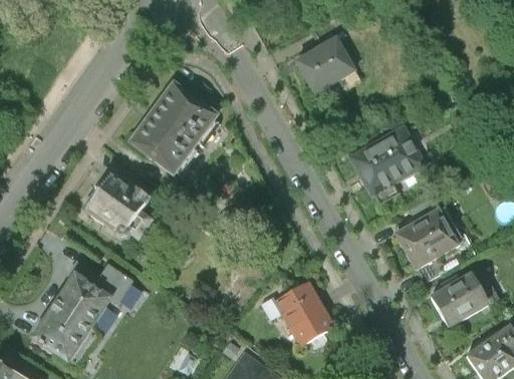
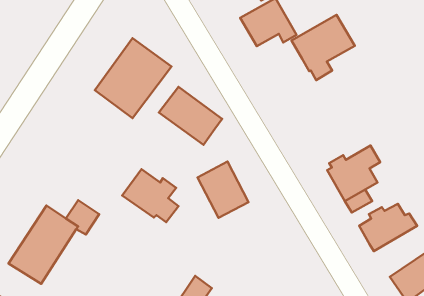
building: [351,127,424,202] -> [292,15,355,80]
building: none -> [159,87,222,145]
building: [87,176,152,237] -> [122,169,179,222]
building: [274,282,332,346] -> [197,162,249,218]

